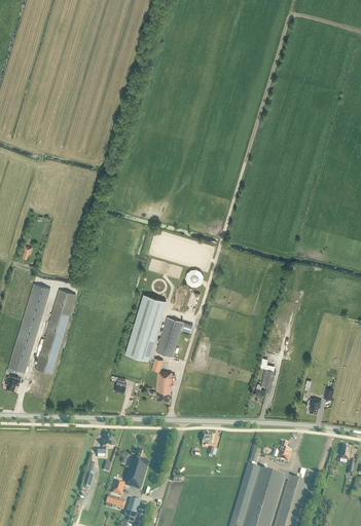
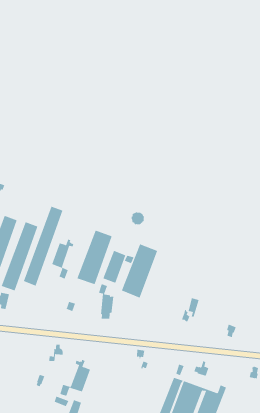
building: none -> [23,206,63,286]
building: none -> [52,239,74,280]
building: none -> [121,243,158,299]

